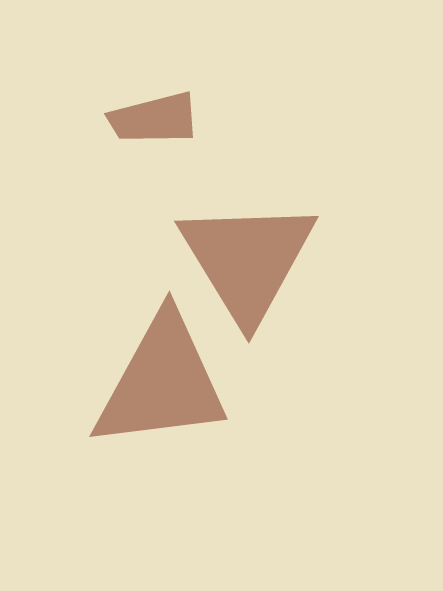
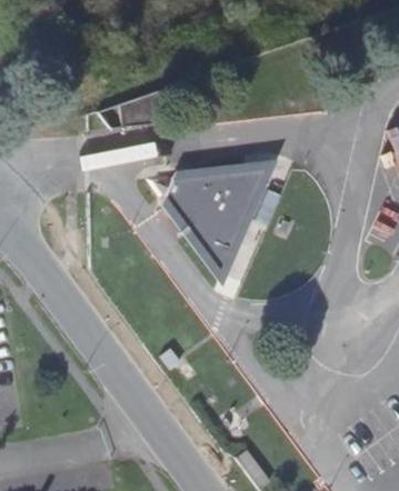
building: [88,289,229,438] -> none

